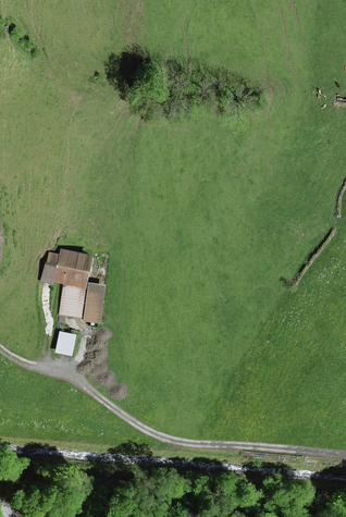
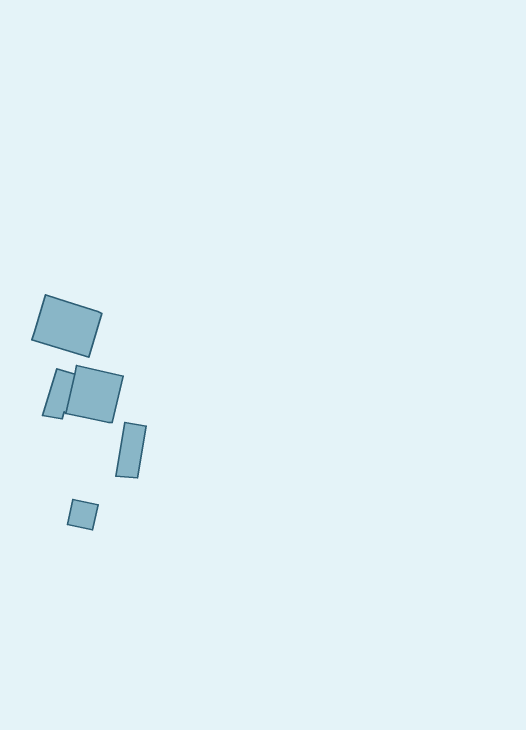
building: none -> [32,295,102,357]
building: [60,282,82,313] -> none

